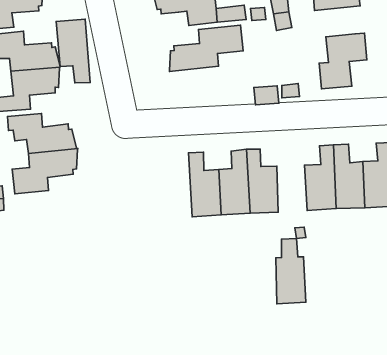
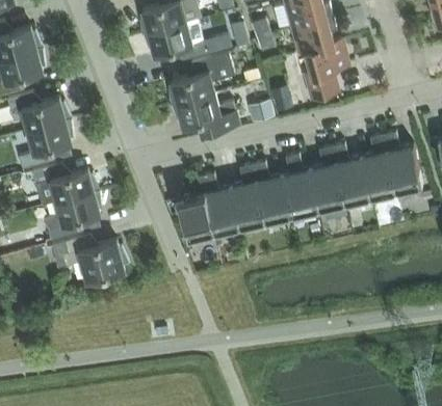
building: none -> [292,16,336,51]
building: [56,19,90,83] -> none
building: none -> [171,92,238,133]
building: none -> [178,175,214,239]
building: none -> [51,234,128,285]
building: [276,238,306,304] -> [283,153,317,215]

